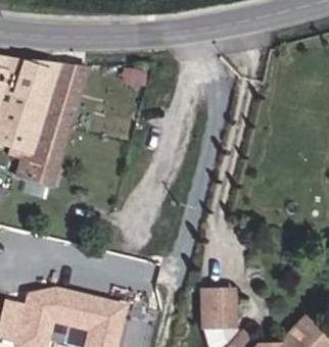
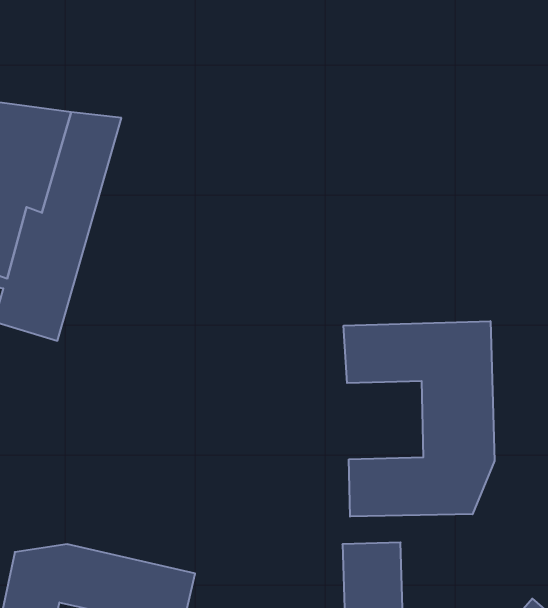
building: none -> [344,321,494,517]

